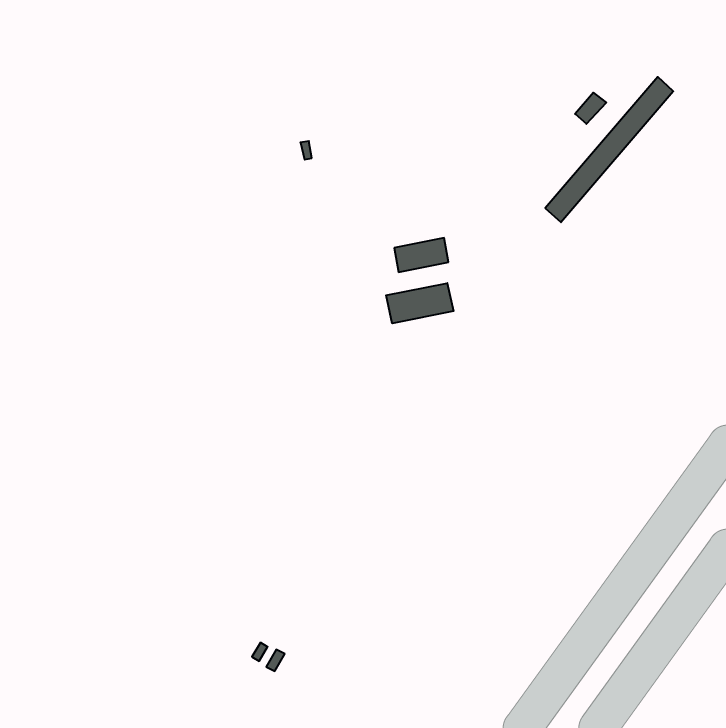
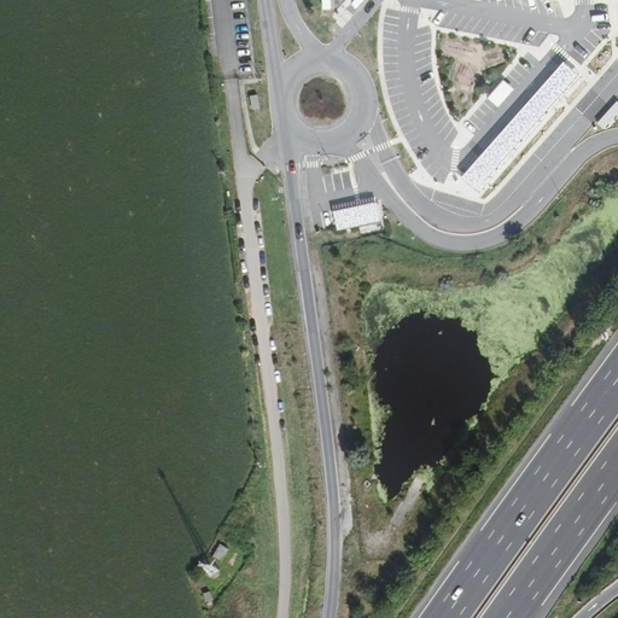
building: [386,283,454,323] -> none

